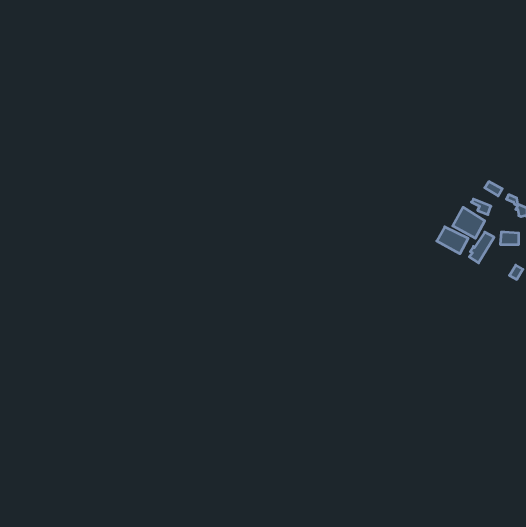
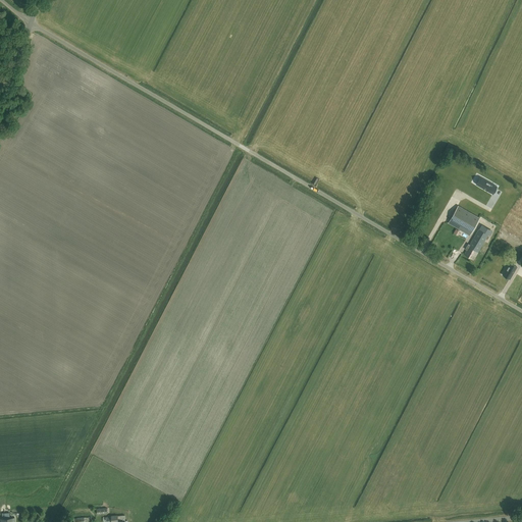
building: [437,227,468,254] -> none

